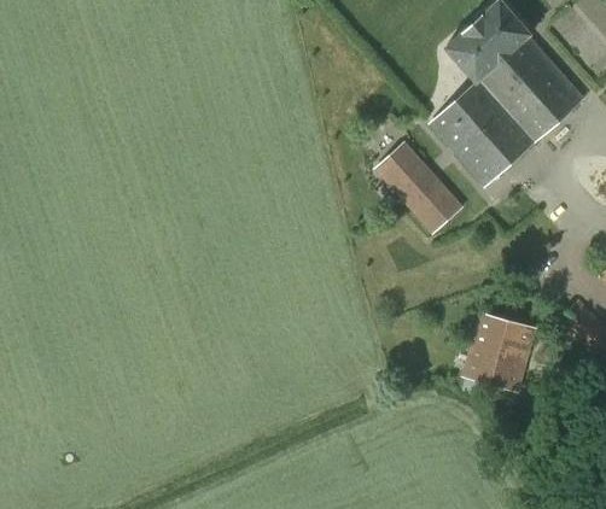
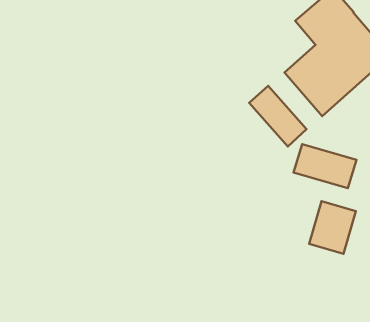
building: none -> [293,144,357,188]

